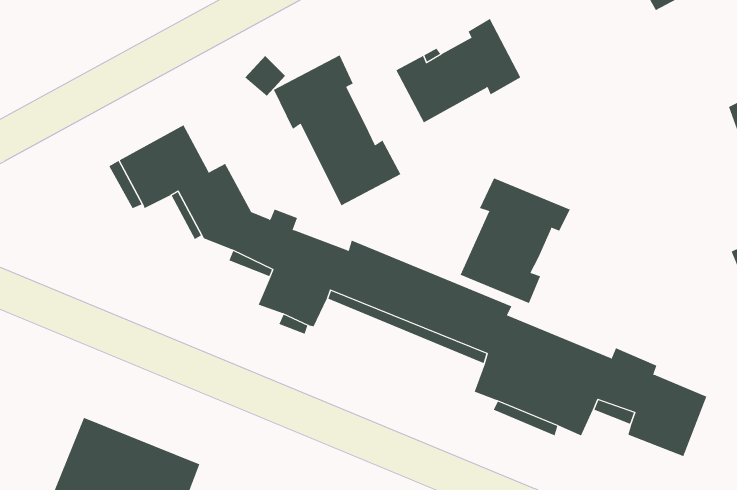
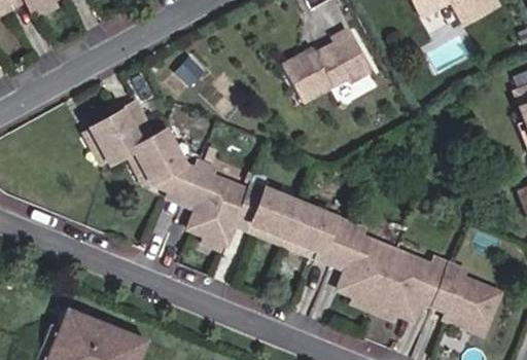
building: [273,54,401,206] -> none
building: [460,178,570,304] -> none

